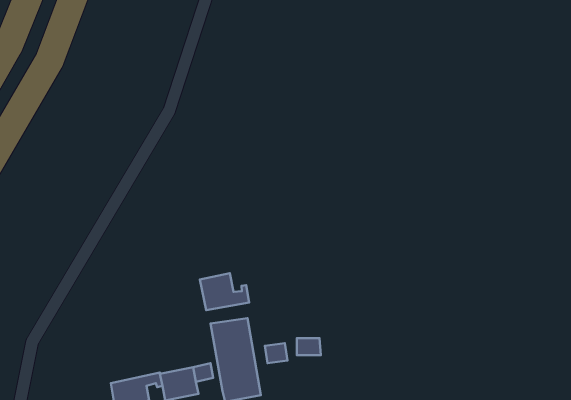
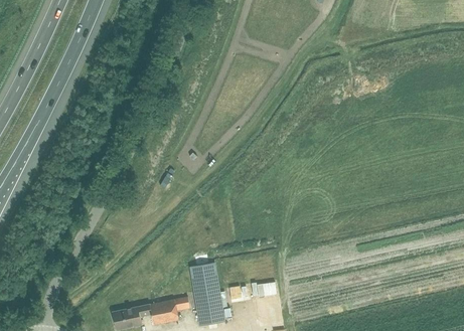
building: [200,273,249,310] -> none

